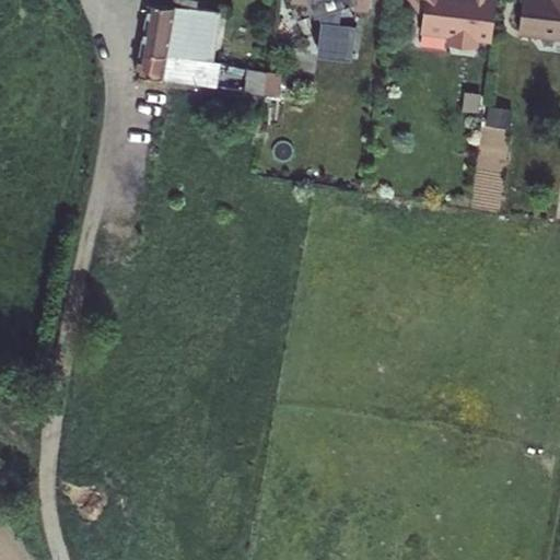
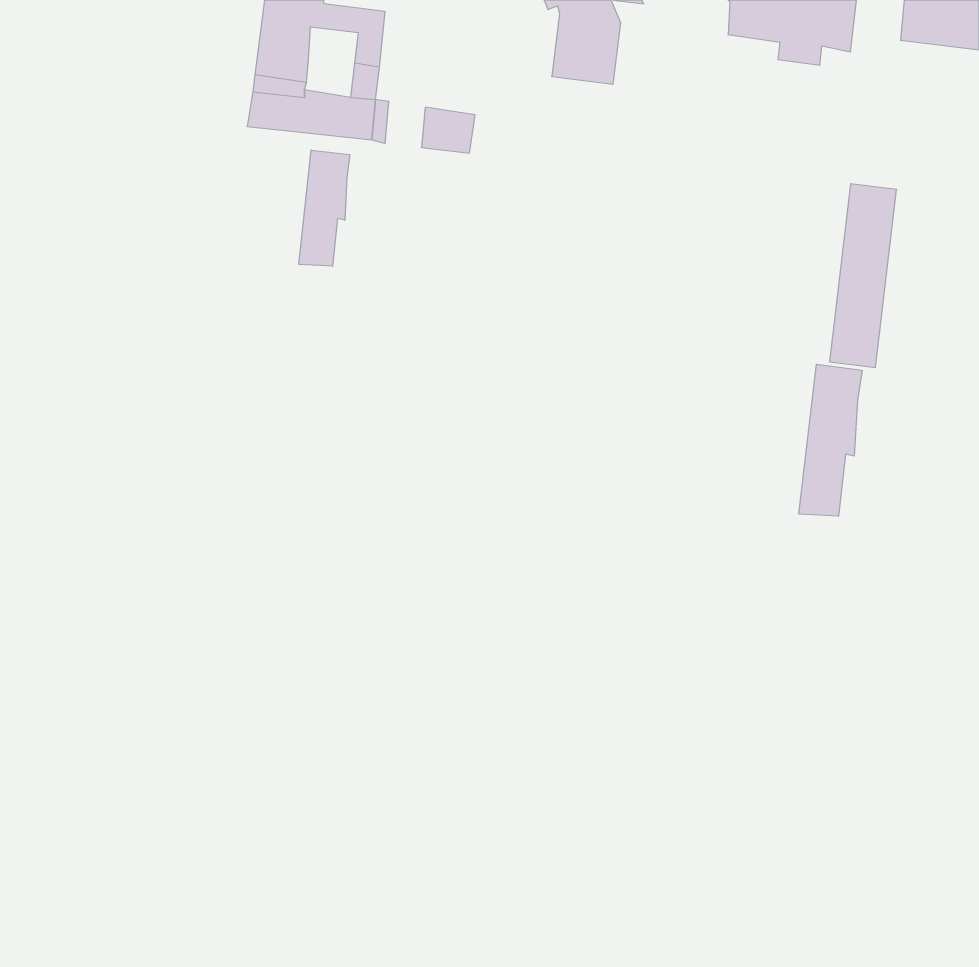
building: none -> [299,150,350,266]
building: none -> [799,364,862,516]

